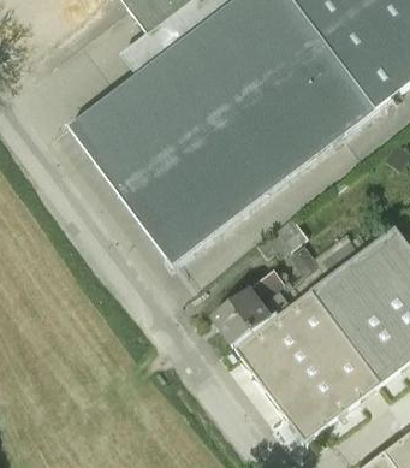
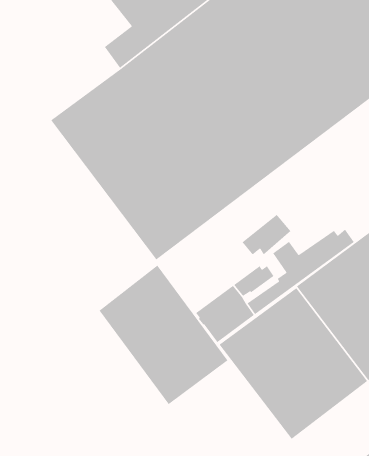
building: none -> [99,264,228,405]

